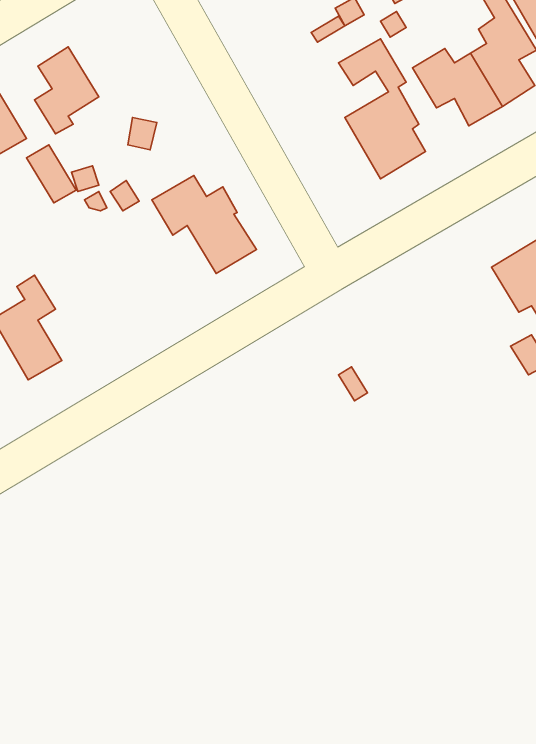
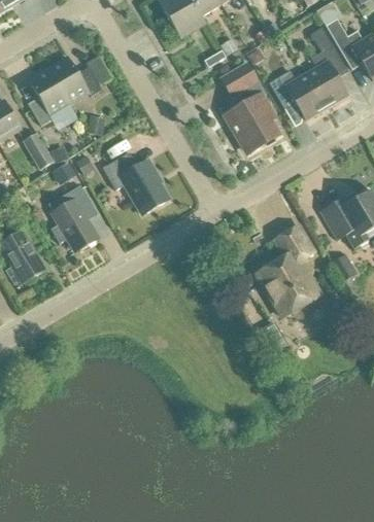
building: none -> [48,58,102,101]
building: none -> [47,184,97,251]
building: none -> [257,225,319,317]

